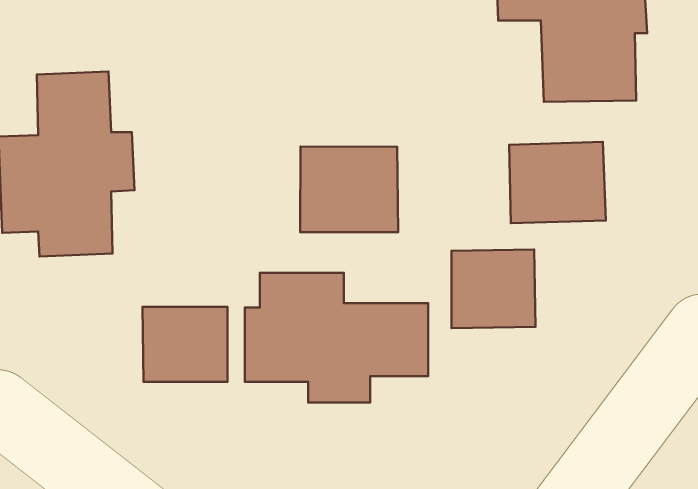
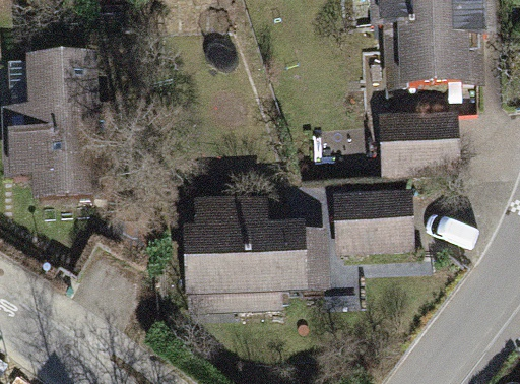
building: [300,147,398,232] -> none
building: [142,307,228,382] -> none

